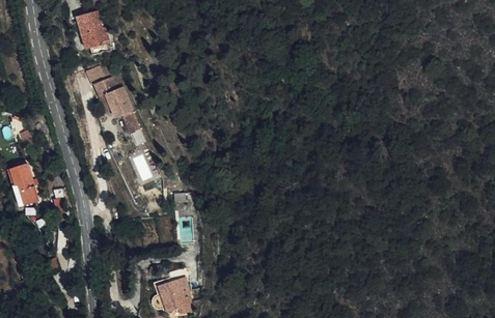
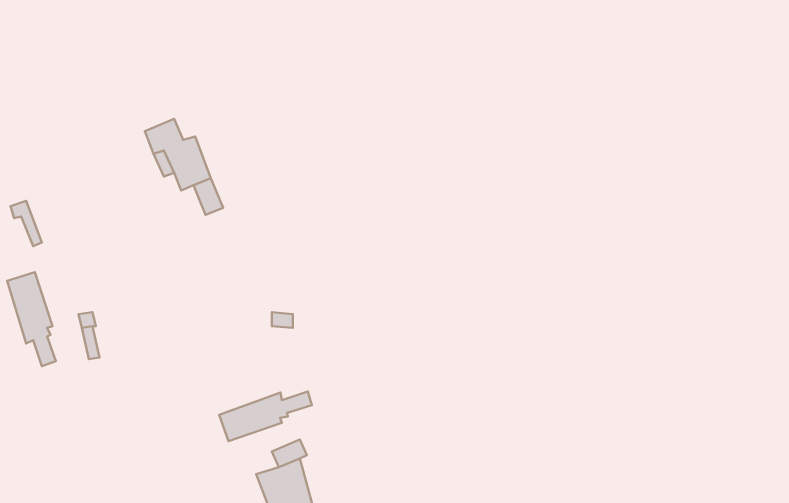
building: [80,8,111,45] -> none
building: none -> [219,391,312,441]

